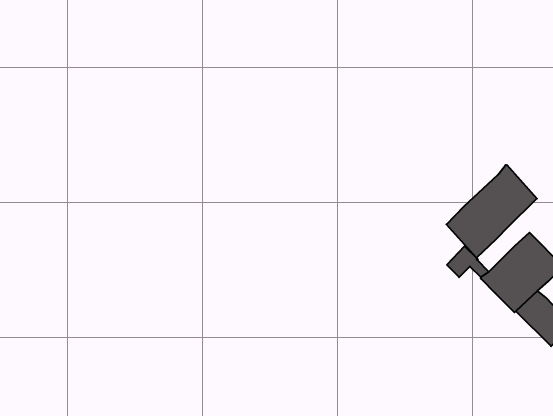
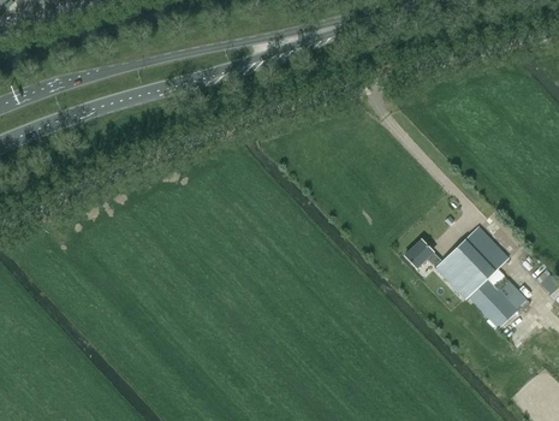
building: [446,165,537,258] -> none

